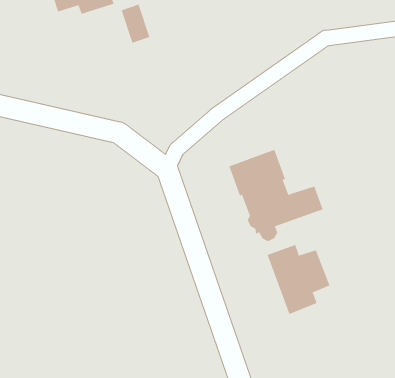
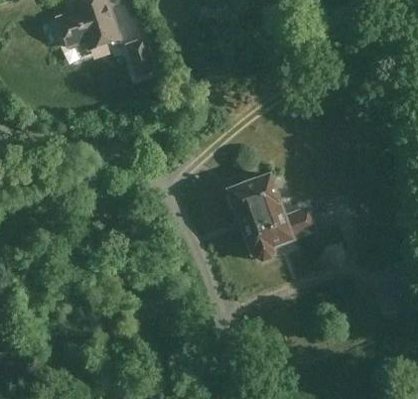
building: [267,244,330,315] -> none

